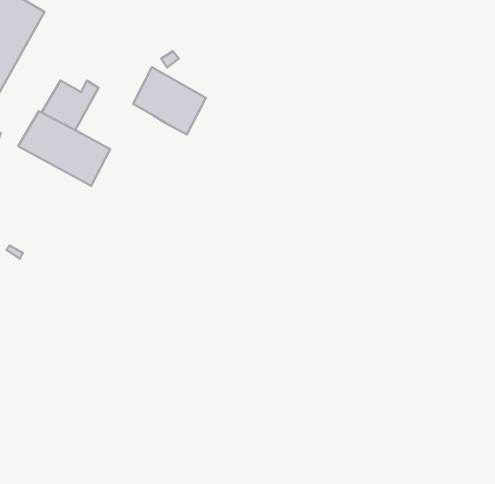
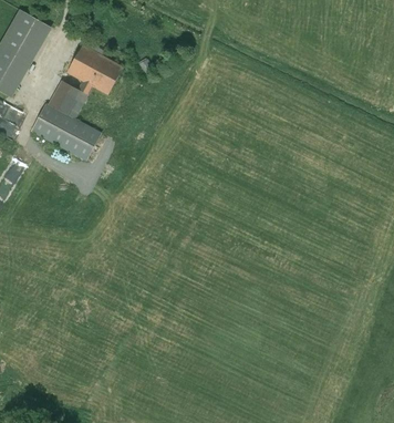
building: [133,67,206,134] -> [68,43,123,94]

